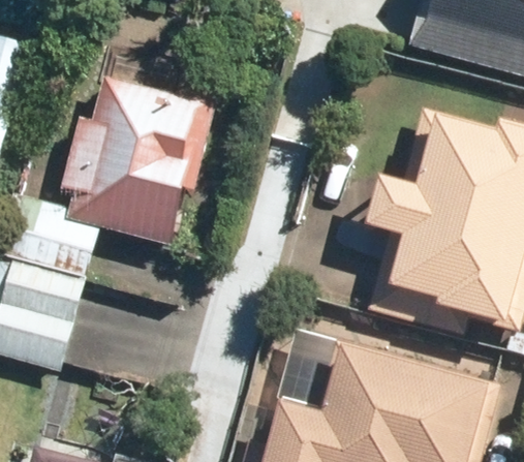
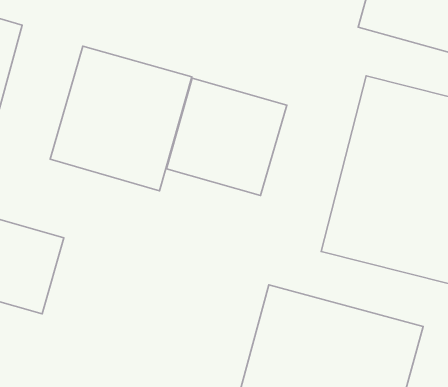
building: none -> [167,78,287,195]

